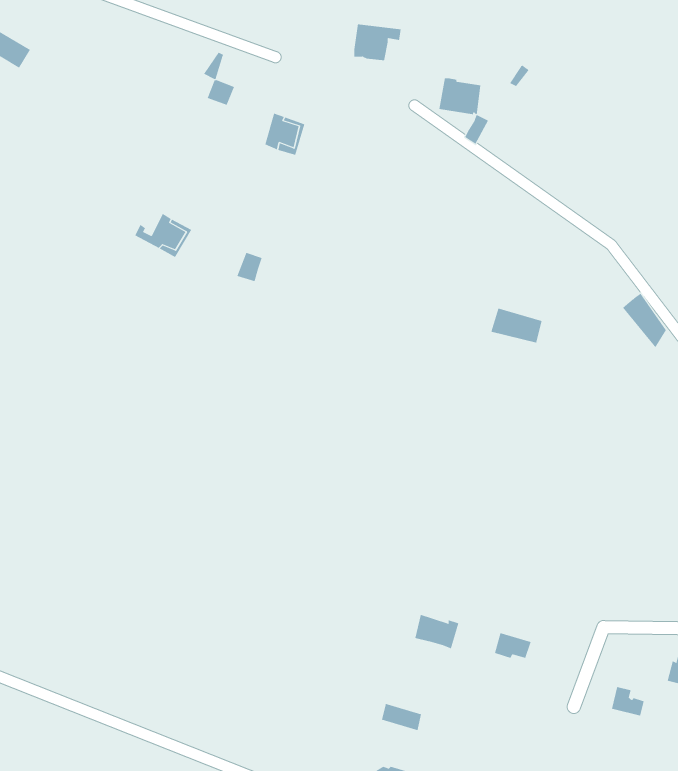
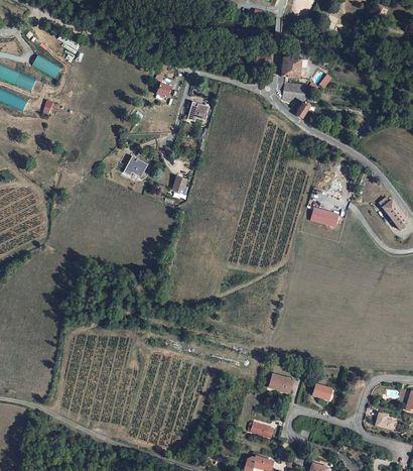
building: [353,24,402,61] -> [281,57,307,78]

